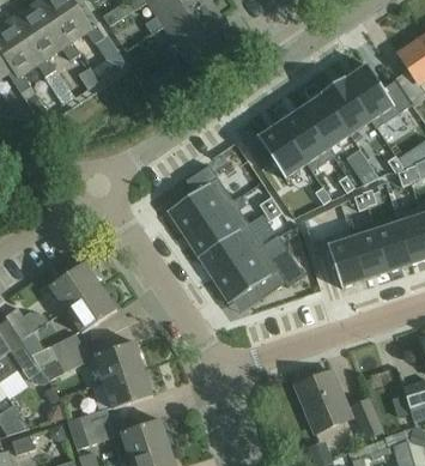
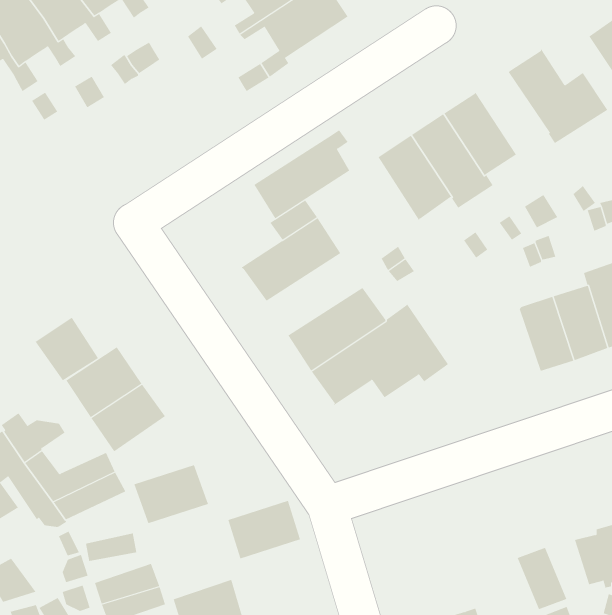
building: [321,77,372,134] -> none
building: [183,195,248,255] -> [253,129,350,219]
building: [324,228,366,288] -> none
building: none -> [35,317,99,381]
building: [104,368,153,407] -> [227,500,301,559]
building: [293,370,348,432] -> none

